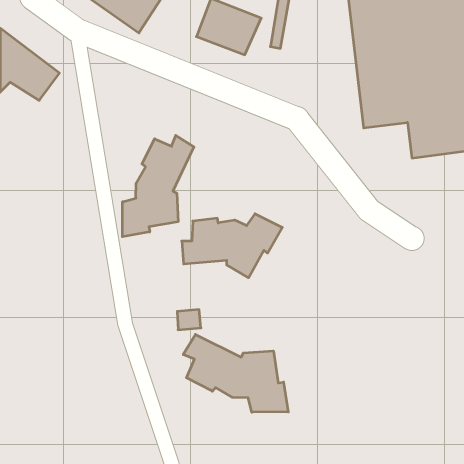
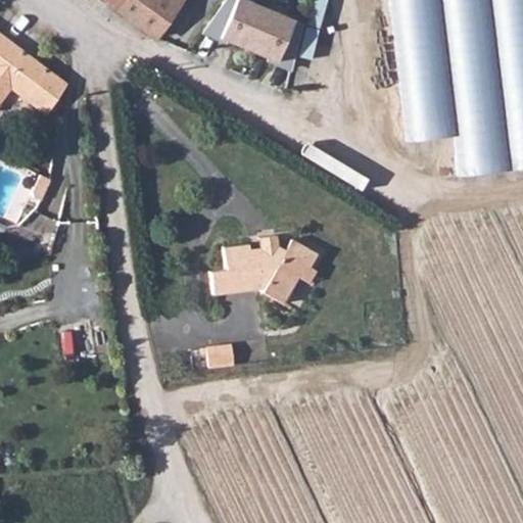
building: [122,135,194,237] -> none
building: [183,334,288,412] -> none

